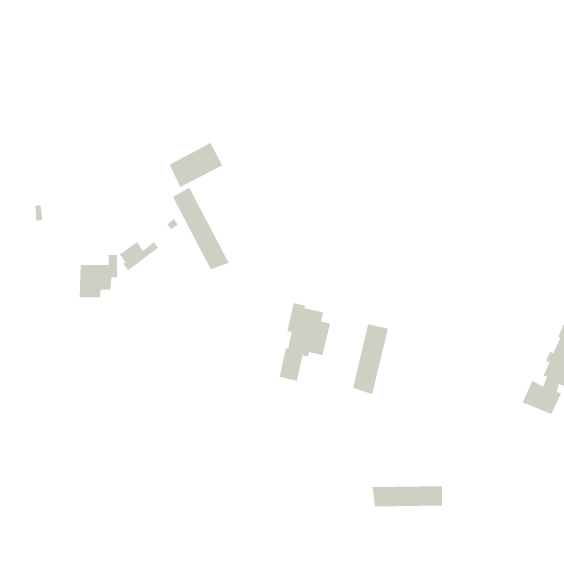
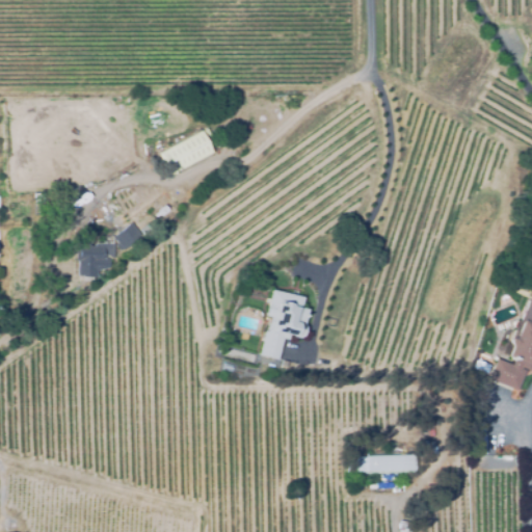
building: [172,187,229,270] -> none
building: [353,324,388,395] -> none

